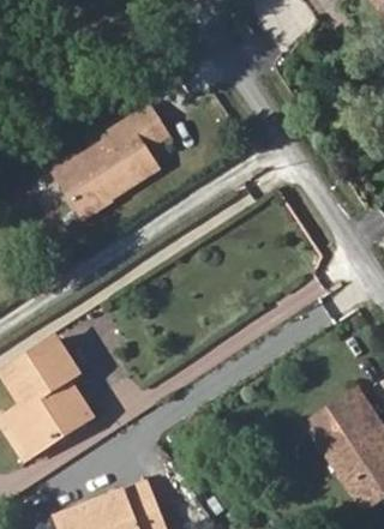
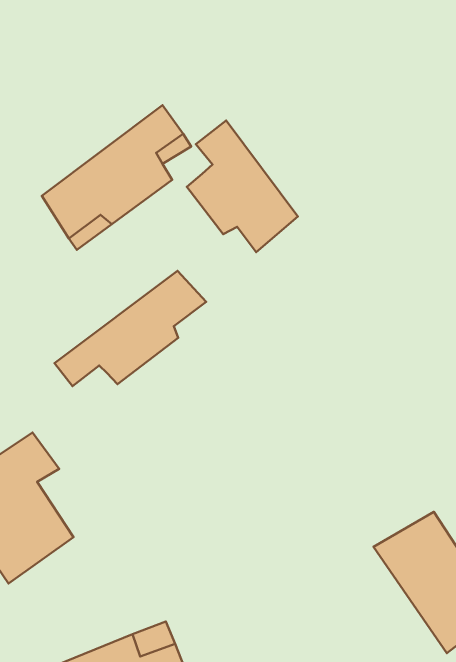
building: none -> [187,121,298,252]
building: none -> [54,271,206,386]

